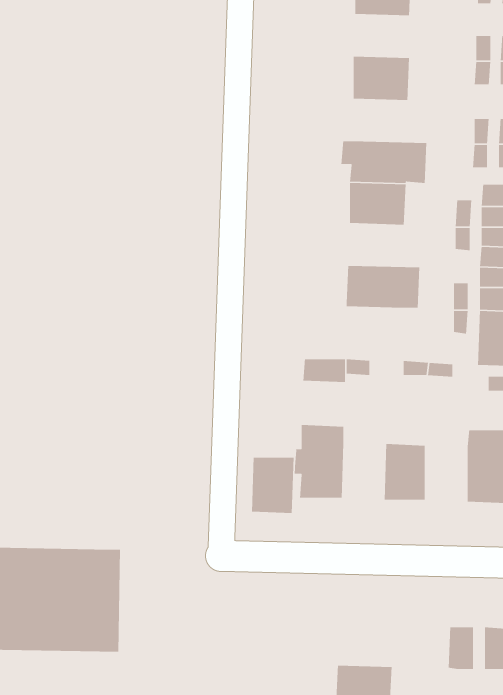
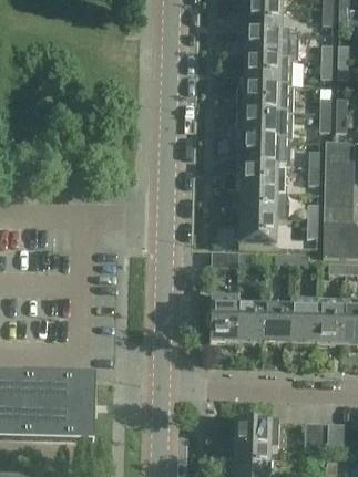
building: none -> [245,31,290,59]
building: none -> [238,84,294,113]
building: none -> [242,165,289,193]
building: none -> [236,216,277,246]
building: none -> [291,295,319,343]
building: [251,457,294,514] -> [238,305,266,342]
building: none -> [231,417,279,448]

